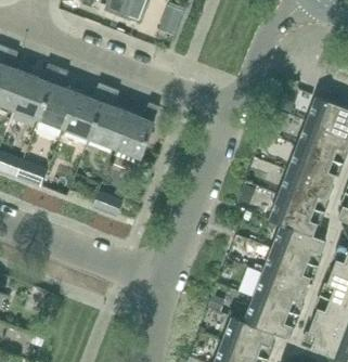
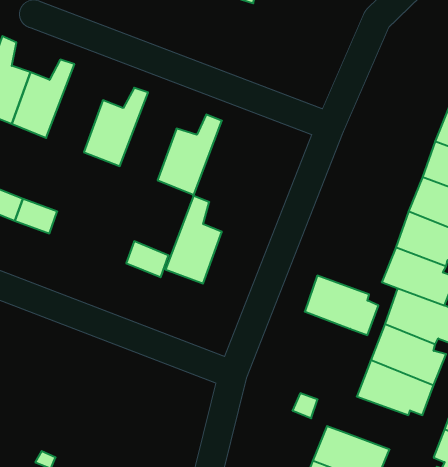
building: [37,69,76,130] -> none
building: [88,89,127,150] -> [165,196,222,284]
building: [243,299,294,340] -> [305,276,378,335]

